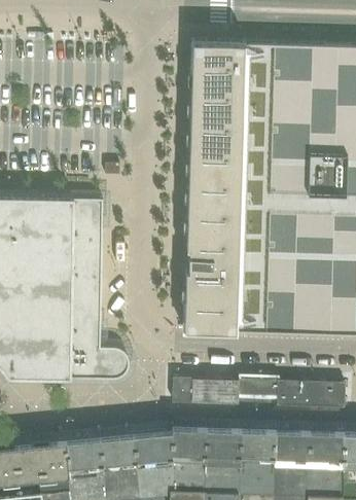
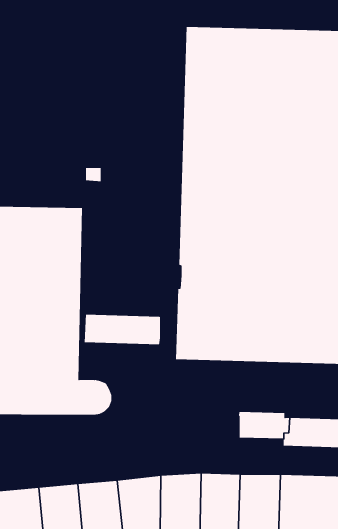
building: [171,378,238,404] -> [84,314,161,345]

